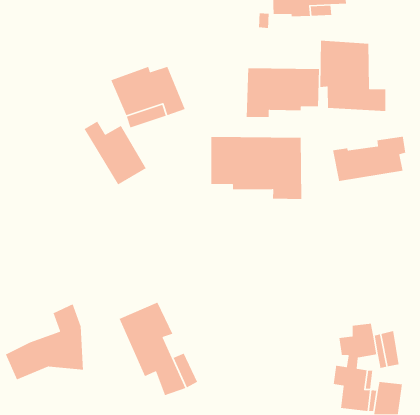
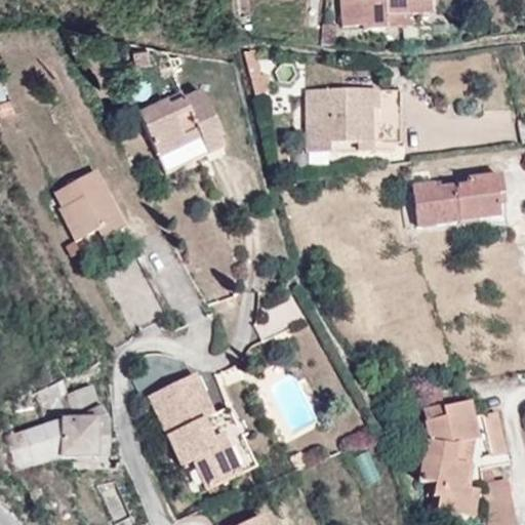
building: [320,40,386,112] -> none
building: [83,121,147,186] -> [38,155,117,236]
building: [211,136,302,200] -> none

